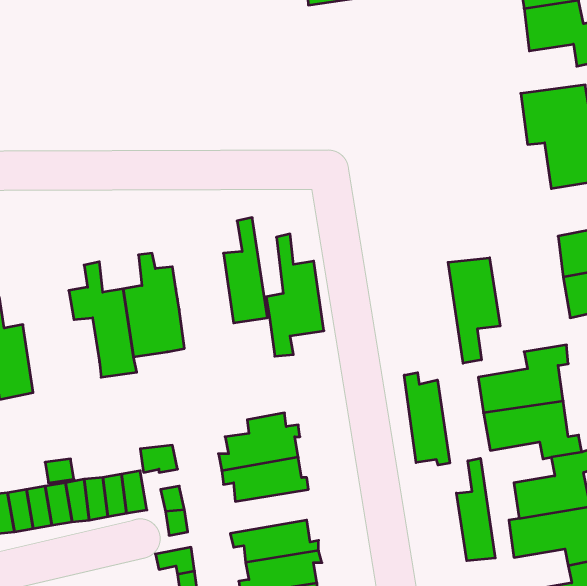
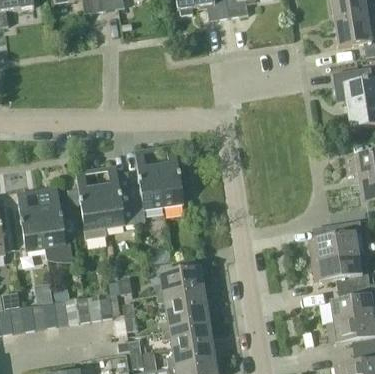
building: [266,234,324,356] -> [130,149,164,221]
building: [448,258,500,363] -> none
building: none -> [38,186,74,261]
building: [404,373,450,465] -> none
building: [456,458,495,561] -> none
building: none -> [161,304,209,330]

